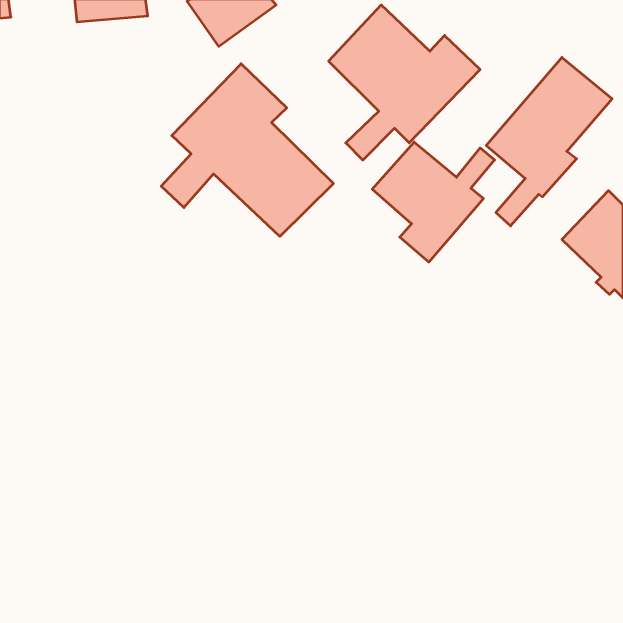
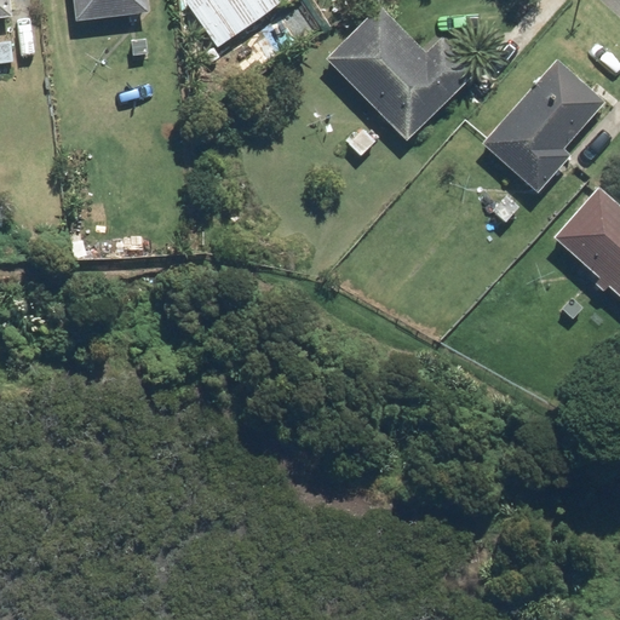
building: [161,64,333,236] -> none
building: [372,142,495,262] -> none

